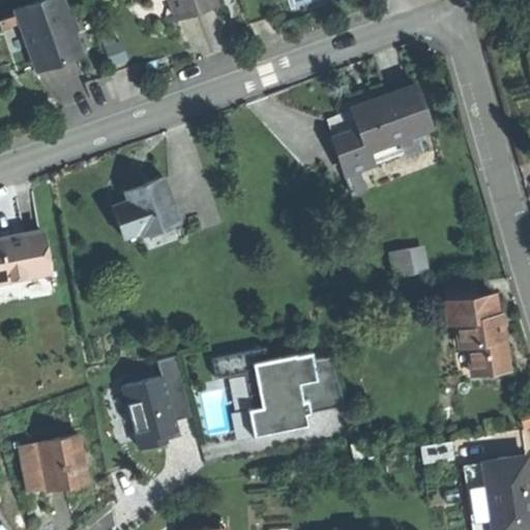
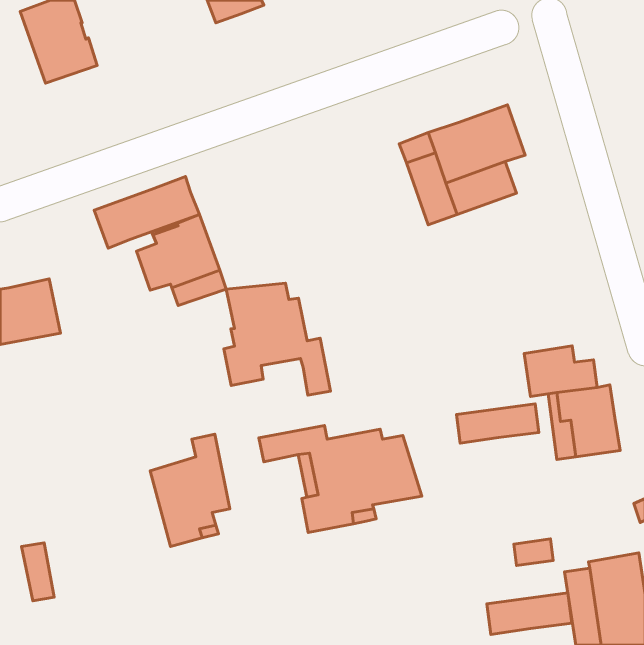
building: none -> [94,177,200,248]
building: none -> [224,283,331,395]
building: [390,241,431,274] -> none
building: none -> [456,404,539,443]
building: [37,438,86,493] -> none
building: none -> [487,593,572,634]

